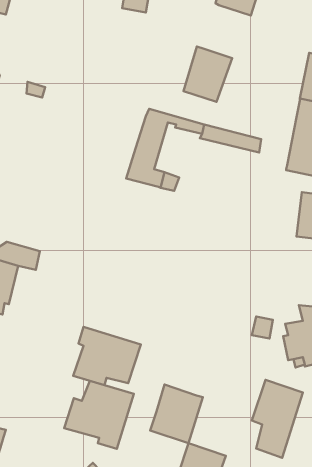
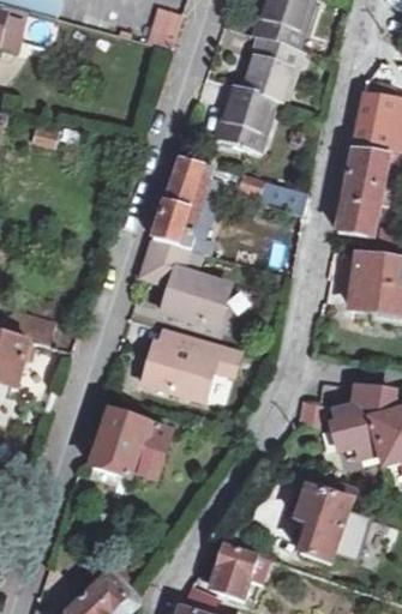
building: none -> [242,37,302,102]
building: none -> [142,237,228,326]
building: none -> [143,326,239,398]
building: [64,381,134,449] -> none
building: [150,385,203,443] -> none

